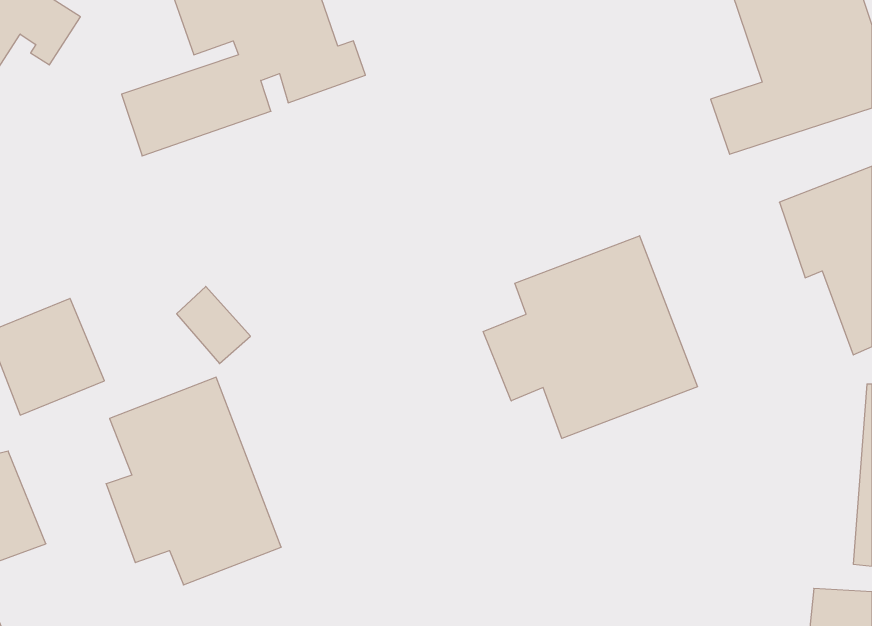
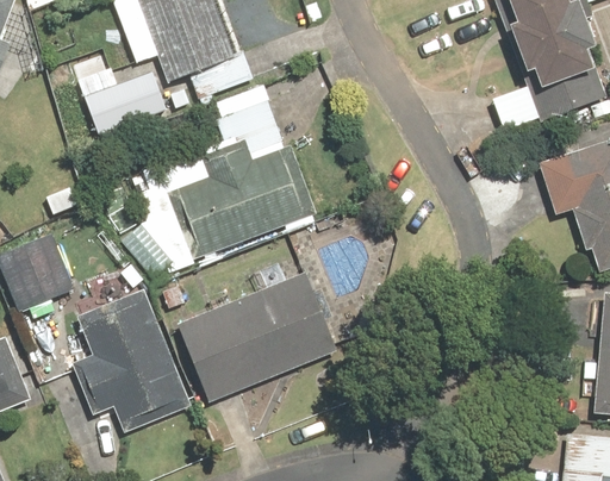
building: none -> [178,96,317,254]
building: [483,236,697,438] -> none
building: none -> [181,273,337,396]

